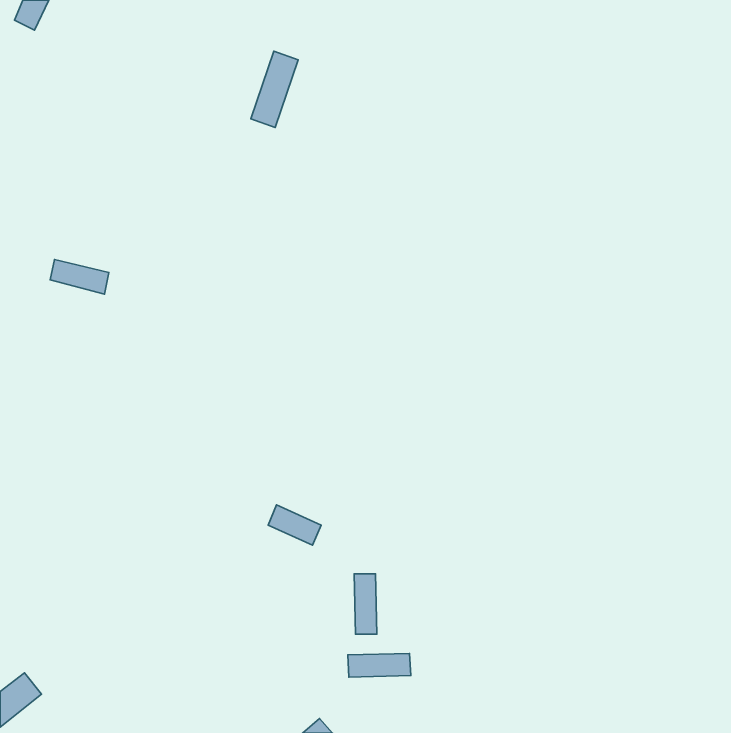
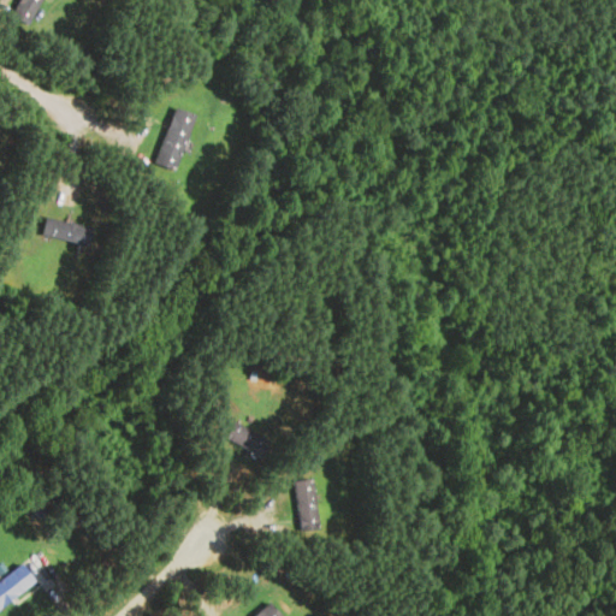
building: [251,51,298,127] -> [156,107,196,171]
building: [348,653,411,677] -> none

